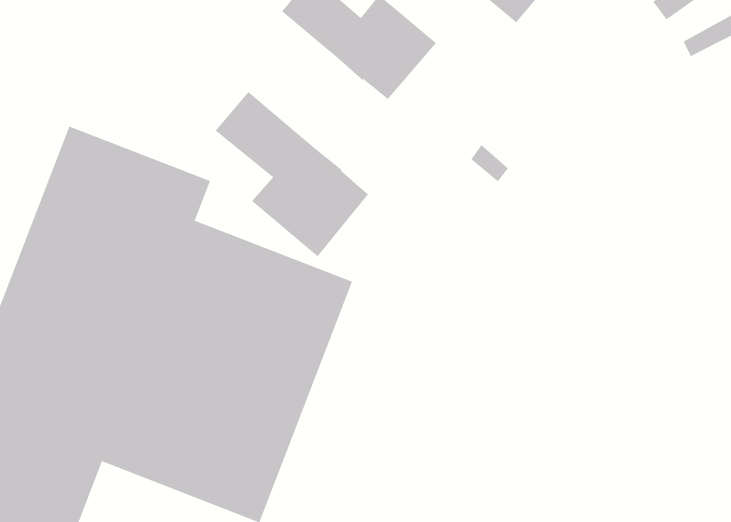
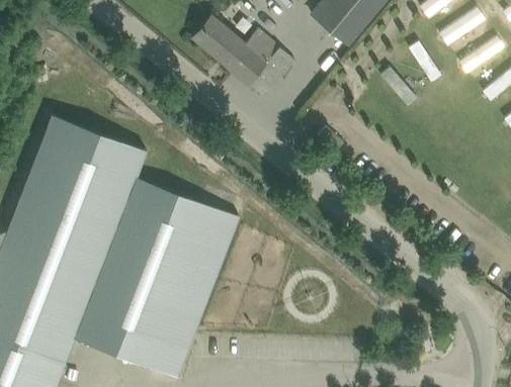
building: [215,91,369,257] -> none

